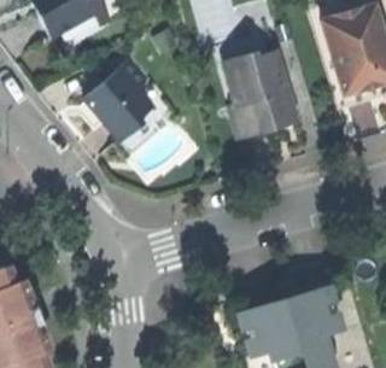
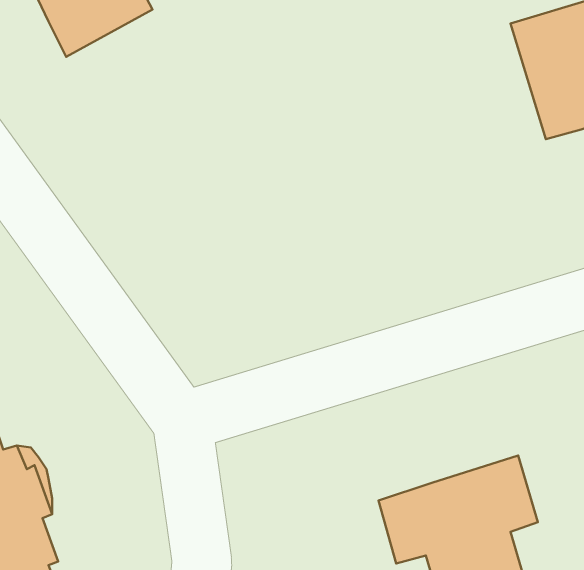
building: [227,48,299,135] -> none
building: [86,63,153,144] -> none

